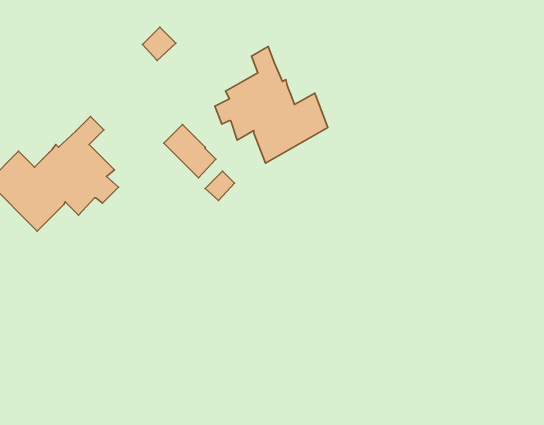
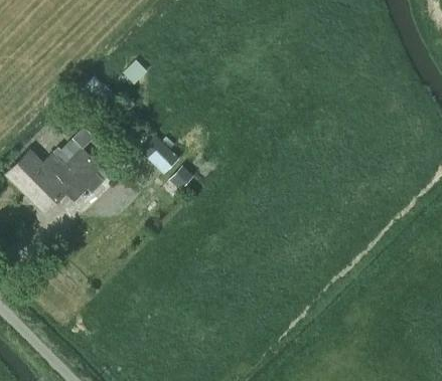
building: [215,47,328,163] -> none

